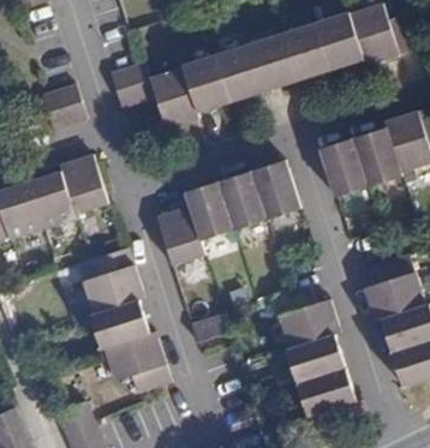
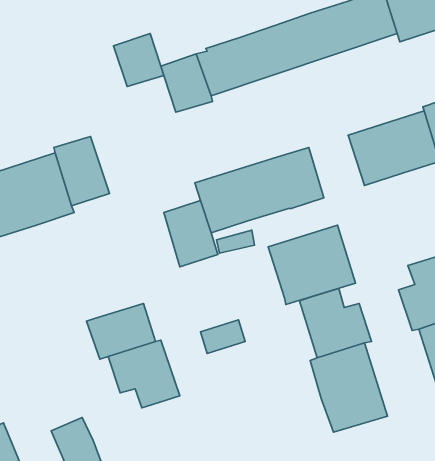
building: [41,82,85,127] -> none
building: none -> [268,225,355,305]
building: [83,246,142,312] -> none

